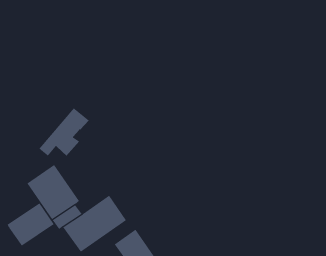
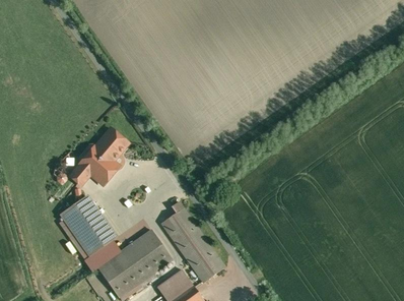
building: none -> [161,200,224,282]
building: [7,202,54,246] -> none

